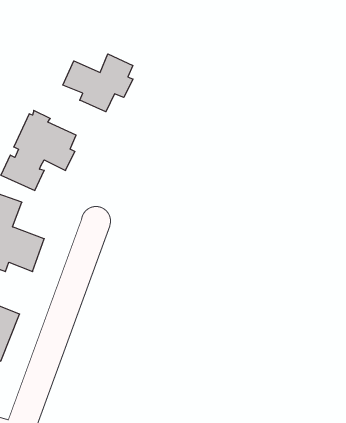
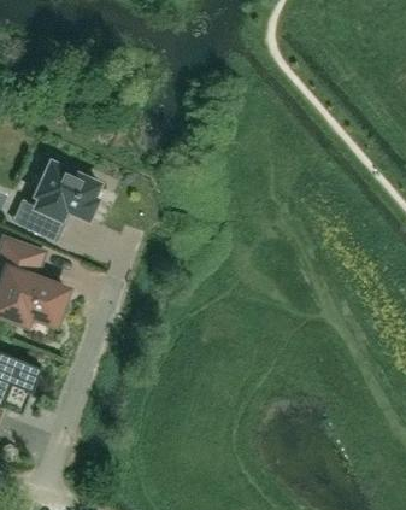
building: [63,54,133,112] -> none

